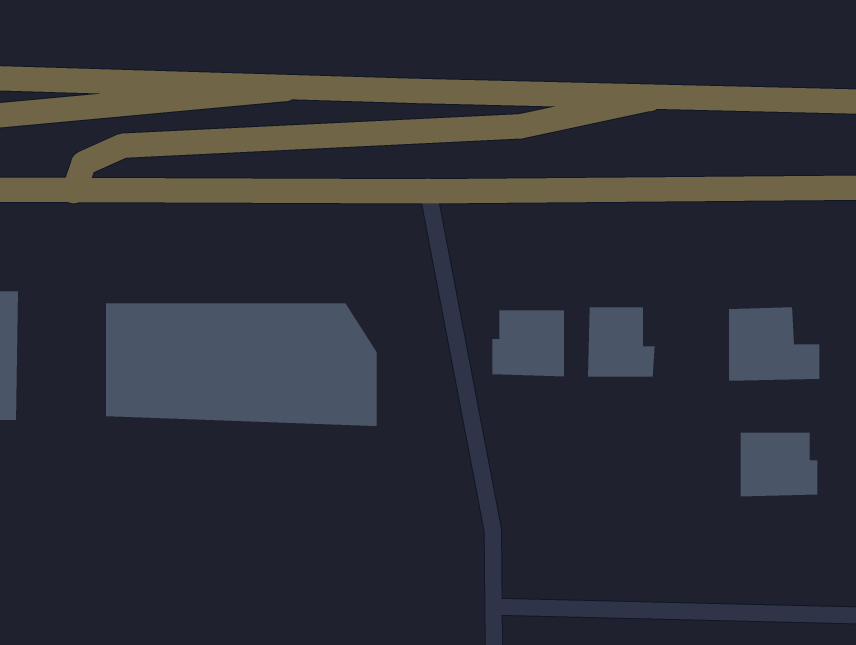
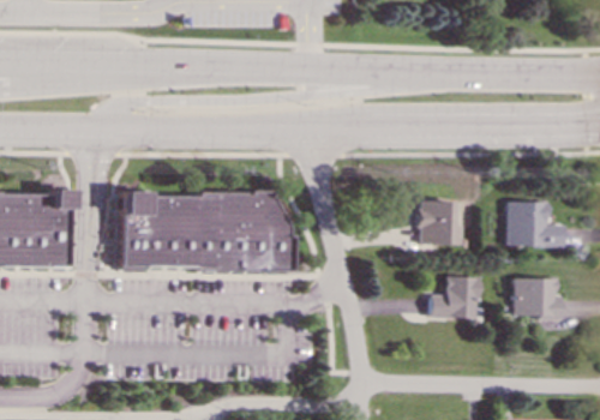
building: [492,310,565,377] -> none
building: none -> [427,276,476,317]

